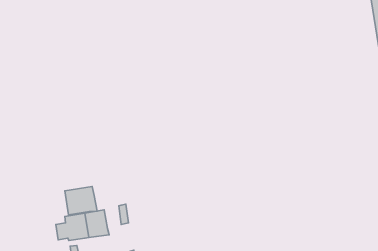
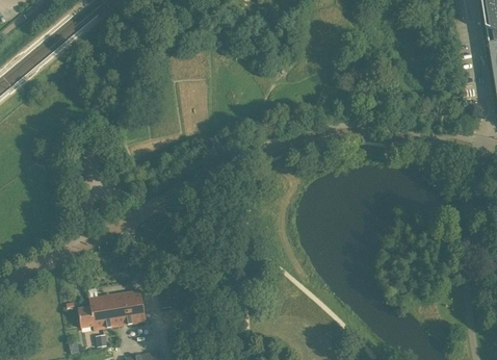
building: [65,187,97,215] -> none

